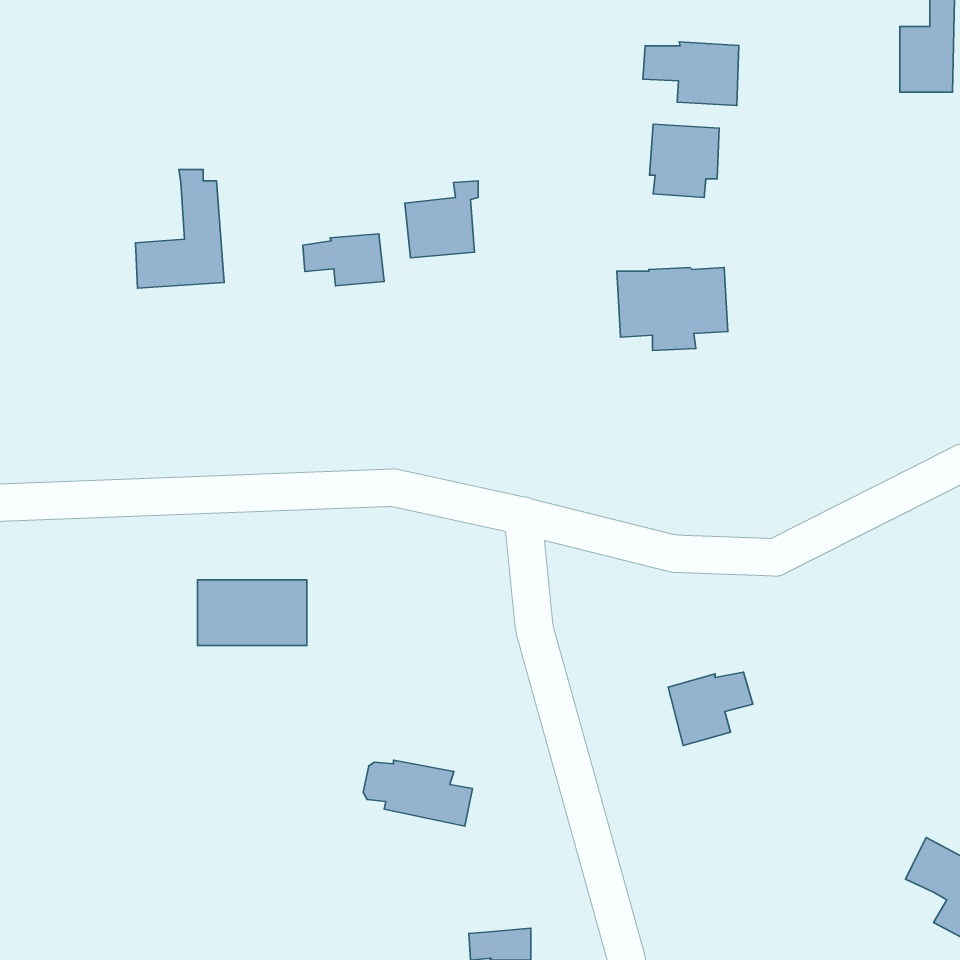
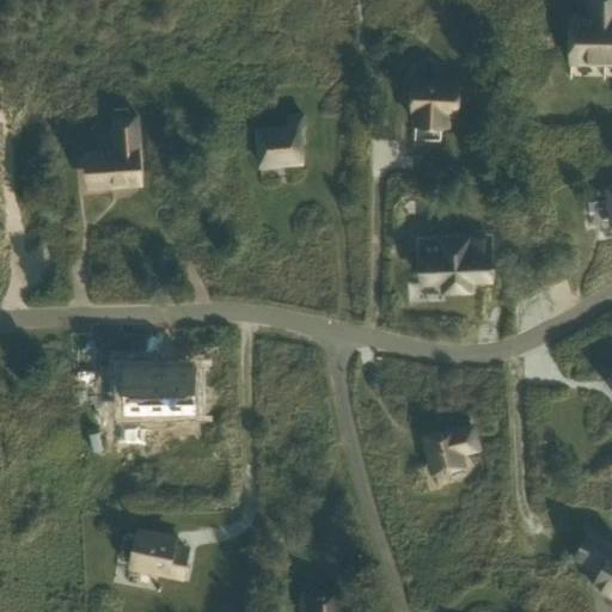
building: [643,42,739,106] -> none
building: [303,234,384,286] -> none
building: [617,268,728,350] -> [422,238,492,290]
building: [363,760,472,826] -> [120,532,189,574]

